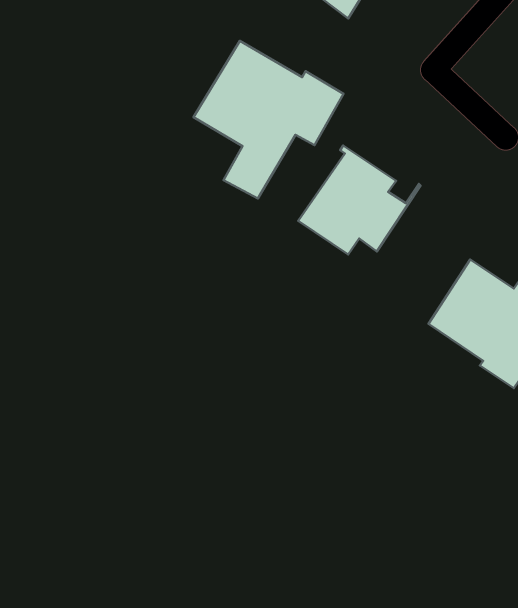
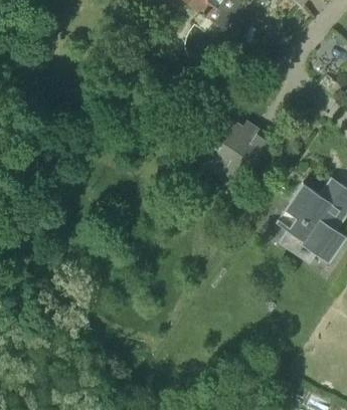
building: [194,41,344,199] -> none

